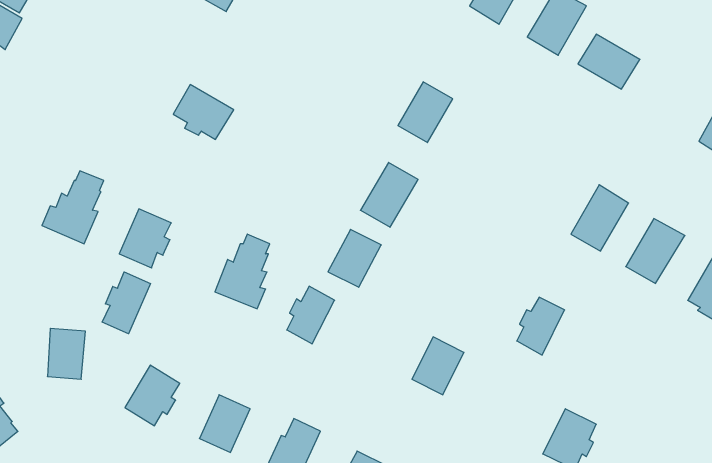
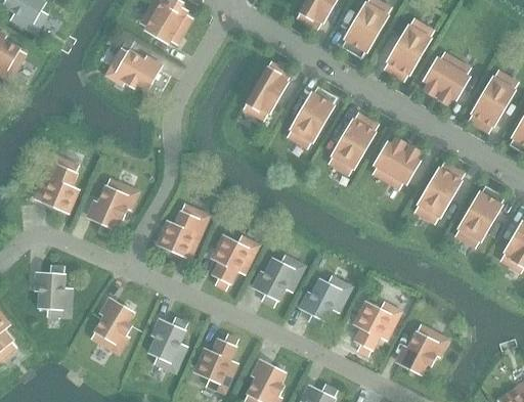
building: none -> [246,66,288,113]
building: none -> [472,77,514,125]
building: [173,85,234,139] -> [116,50,160,90]
building: none -> [375,142,419,182]
building: [360,162,418,227] -> [332,120,374,167]
building: [328,229,381,287] -> [256,258,295,300]
building: [102,272,150,334] -> none
building: [517,297,565,355] -> [354,308,389,350]

